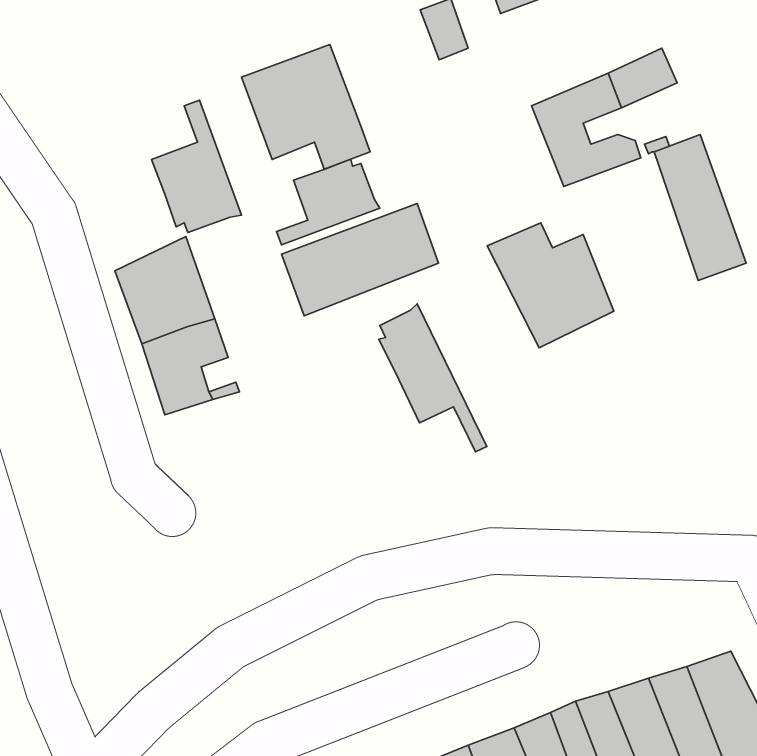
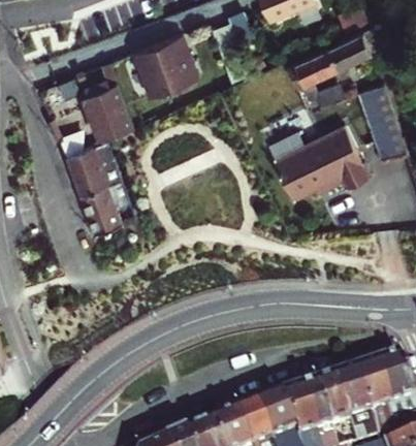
building: [277,159,380,245] -> none
building: [281,204,438,316] -> none
building: none -> [317,122,366,182]
building: [379,304,487,452] -> none

